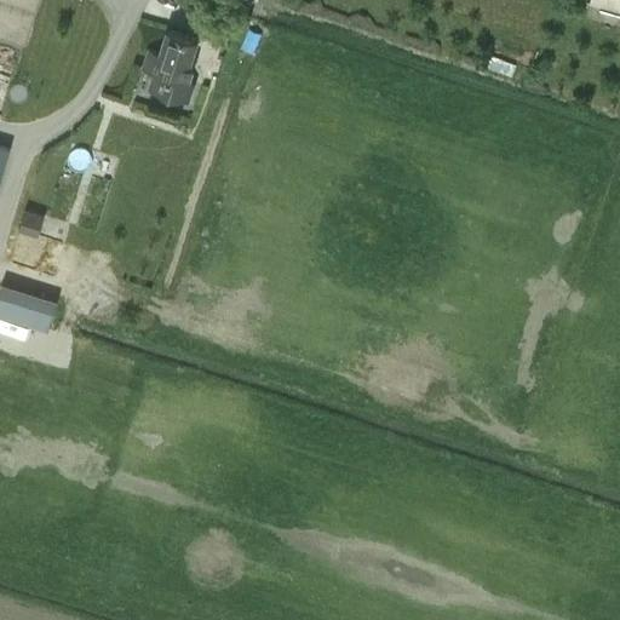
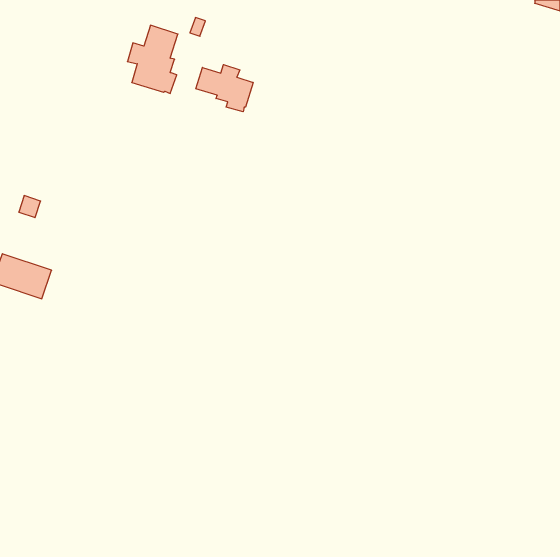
building: none -> [196,65,253,112]

